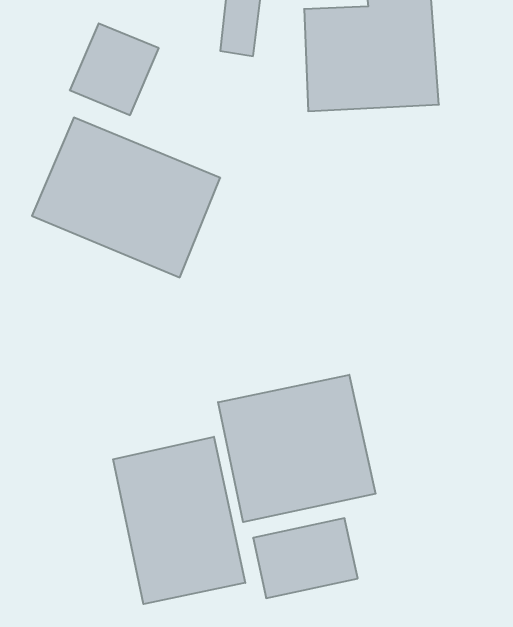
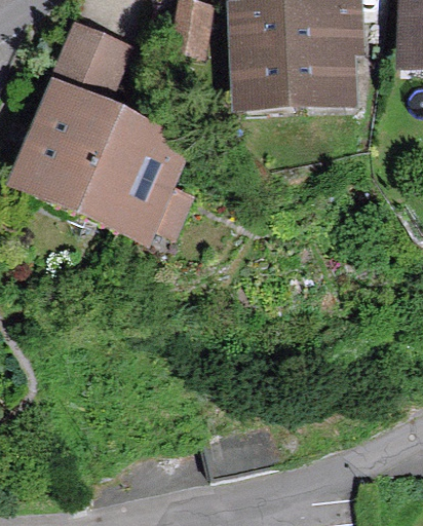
building: [218,375,376,522] -> none
building: [113,437,245,604] -> none

